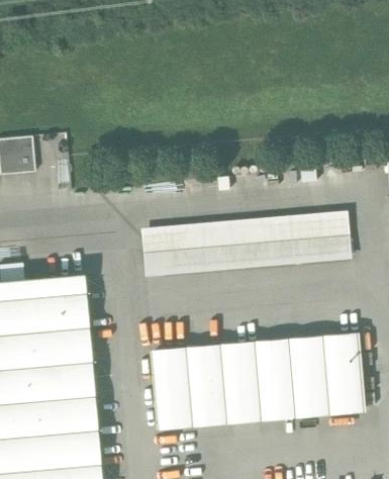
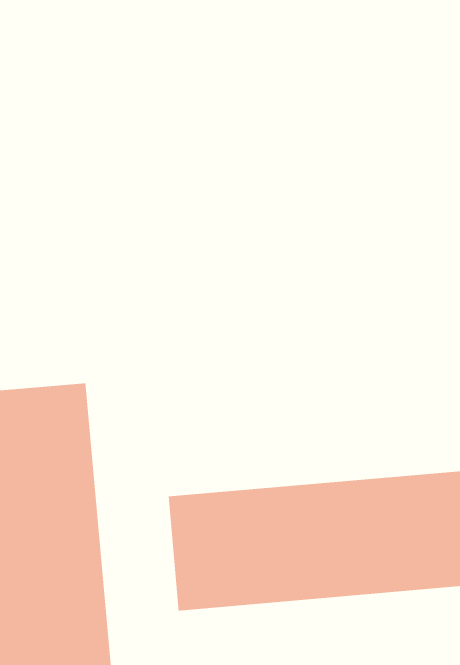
building: [138,213,349,277] -> none

